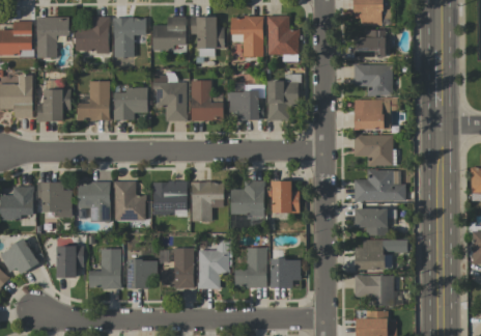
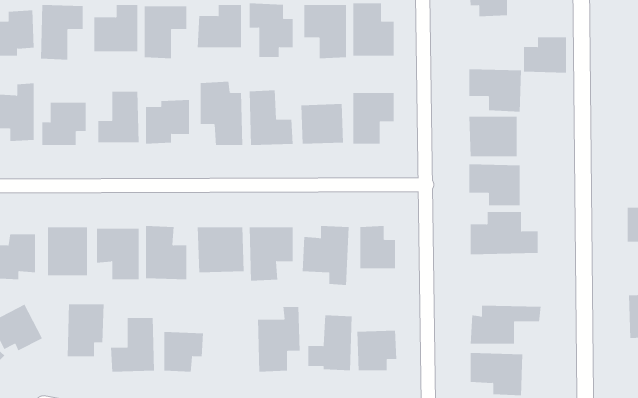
building: [355,30,387,57] -> [523,37,567,73]
building: [355,208,396,235] -> none
building: [162,248,194,288] -> none

